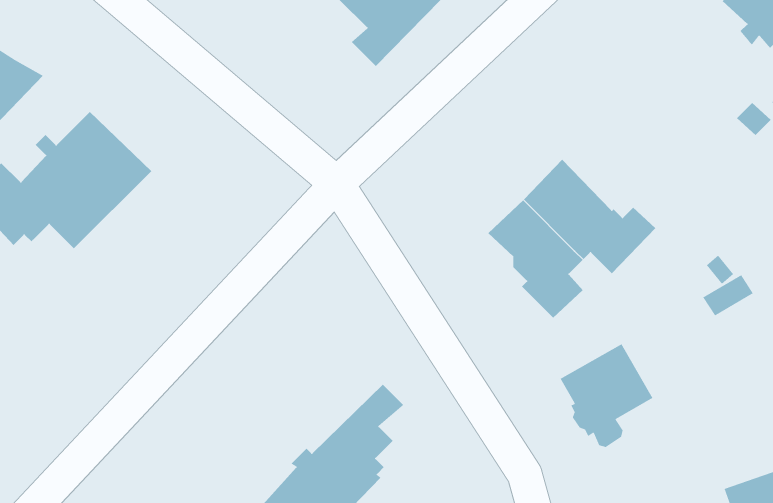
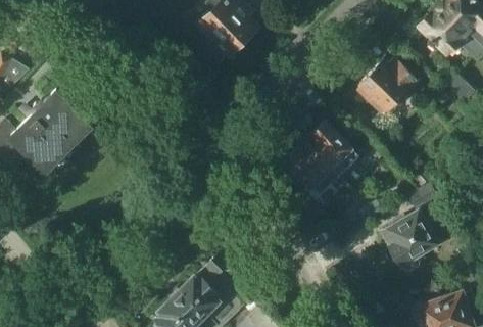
building: none -> [356,57,421,113]
building: [560,343,654,448] -> [383,211,437,271]

